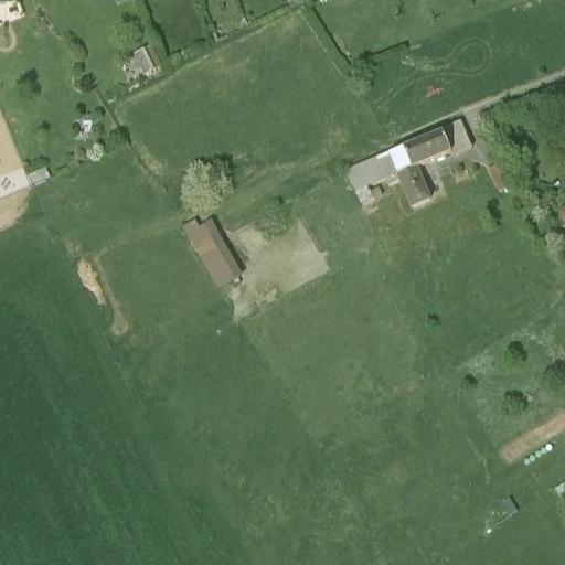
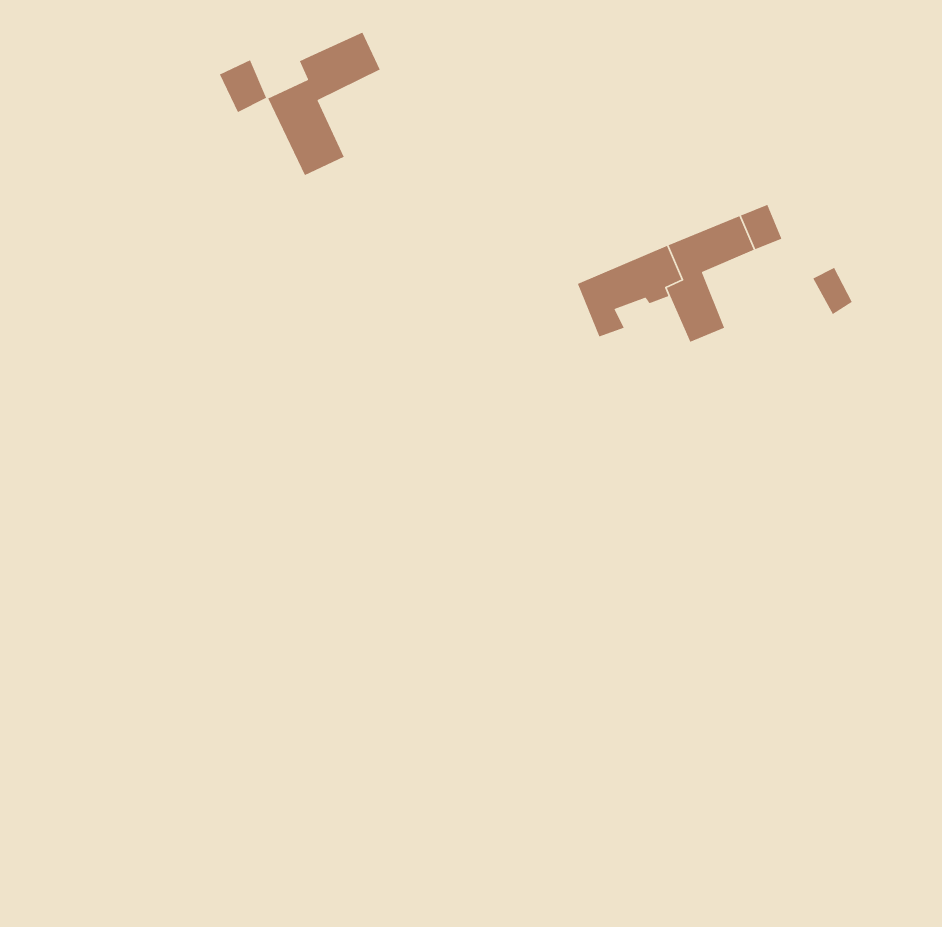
building: none -> [267,32,381,176]
building: [189,216,237,282] -> none

